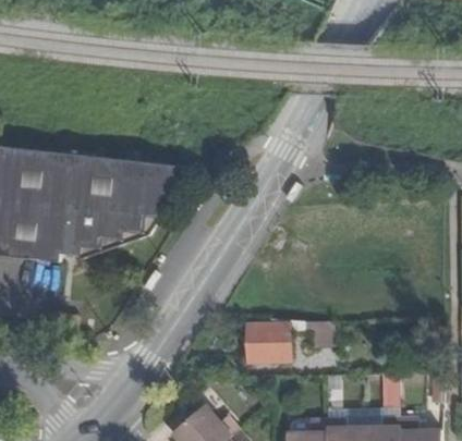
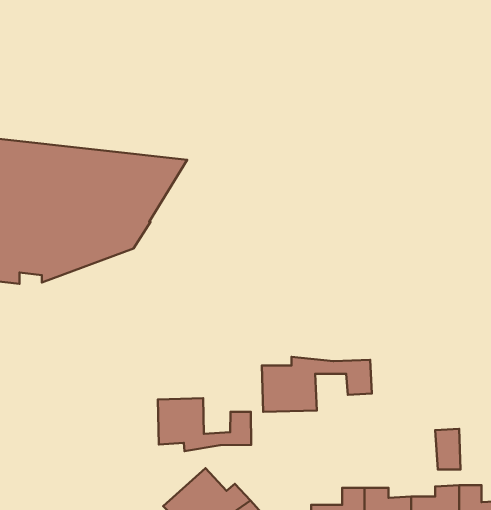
building: none -> [158,398,251,451]

